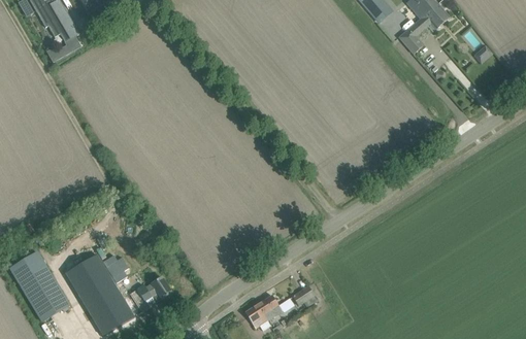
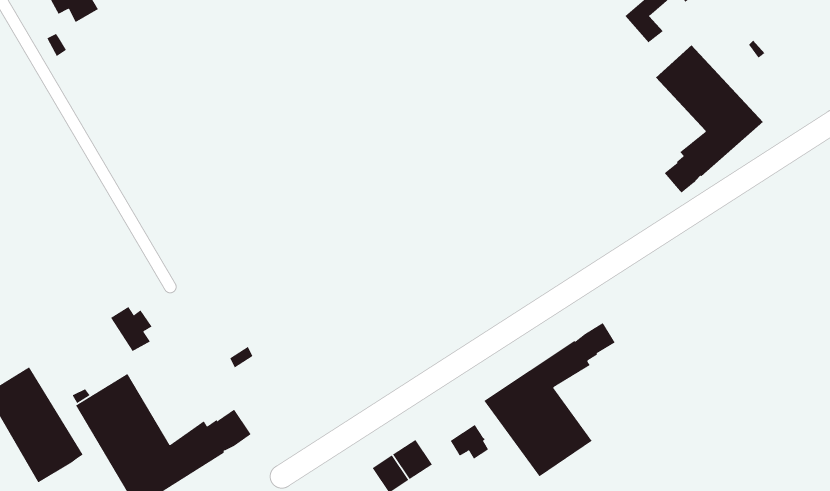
building: none -> [655,45,764,193]
building: none -> [483,322,615,477]
building: [103,255,129,282] -> [110,306,153,352]

